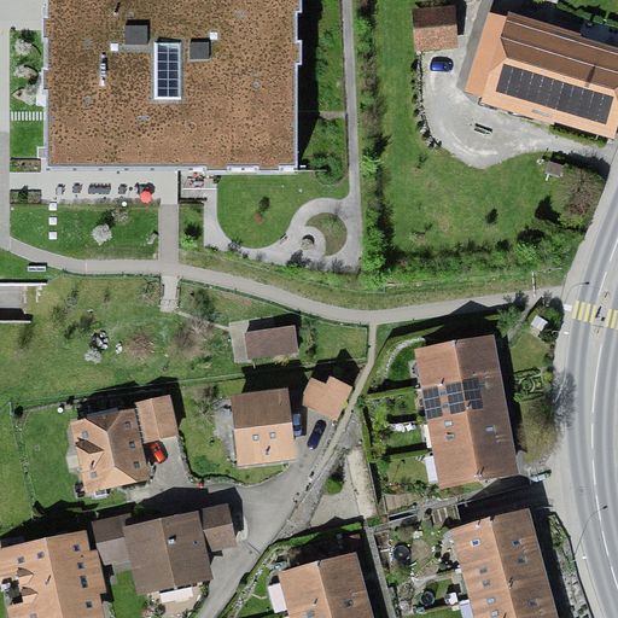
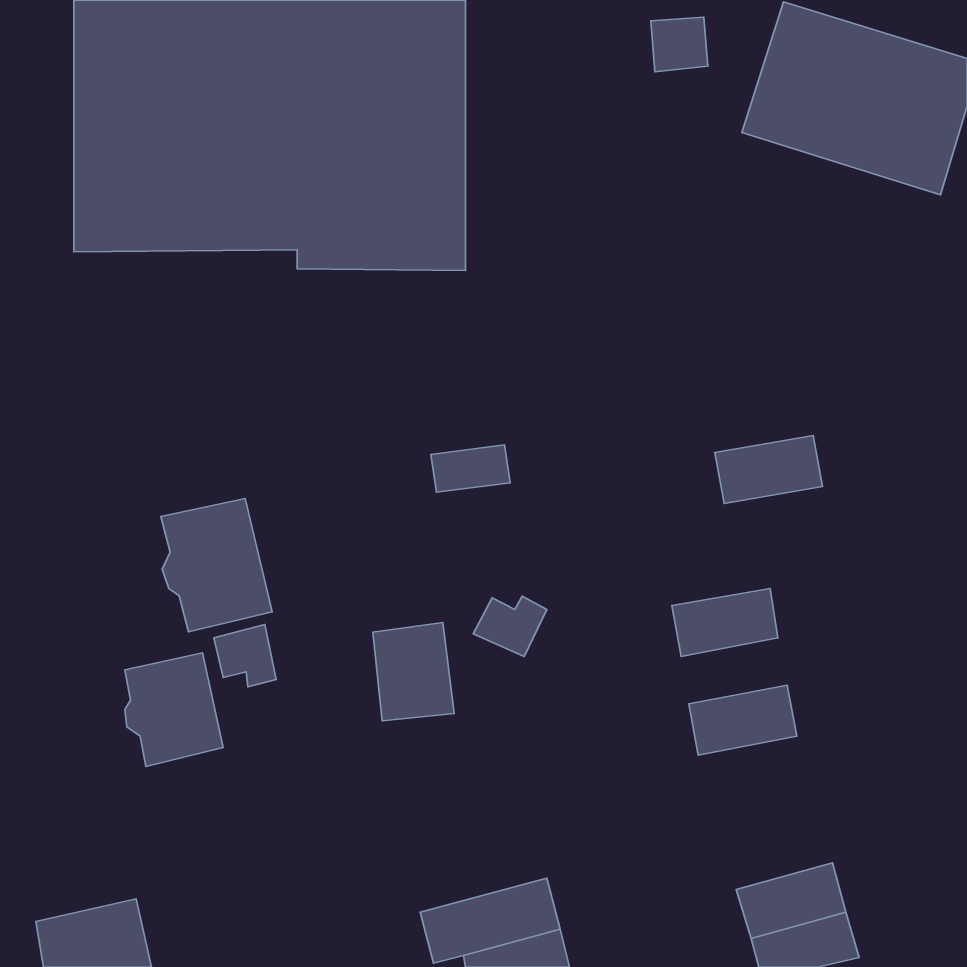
building: none -> [161,499,272,632]
building: [246,328,297,358] -> [431,445,510,492]
building: [422,343,491,386] -> [715,435,823,504]
building: [435,407,502,449] -> none
building: [94,507,234,590] -> none
building: [461,517,531,567] -> none
building: [14,537,87,588] -> none

